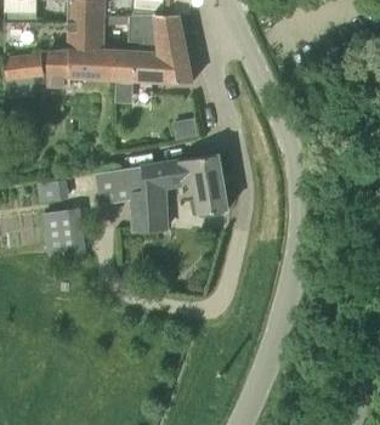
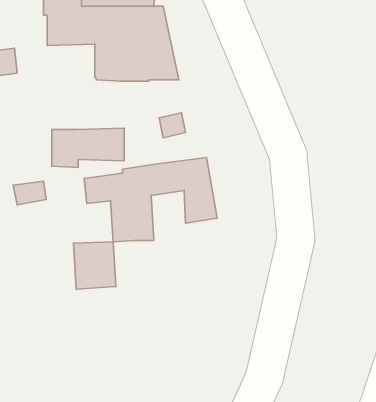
building: [47,50,114,86] -> [52,128,124,168]
building: [45,205,84,249] -> [74,242,116,289]

